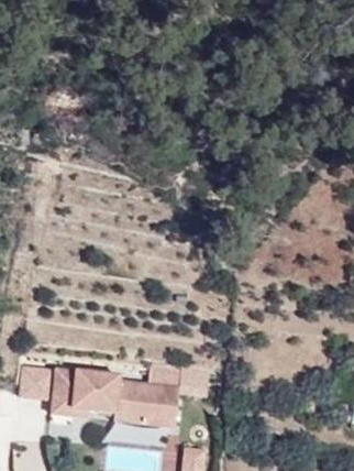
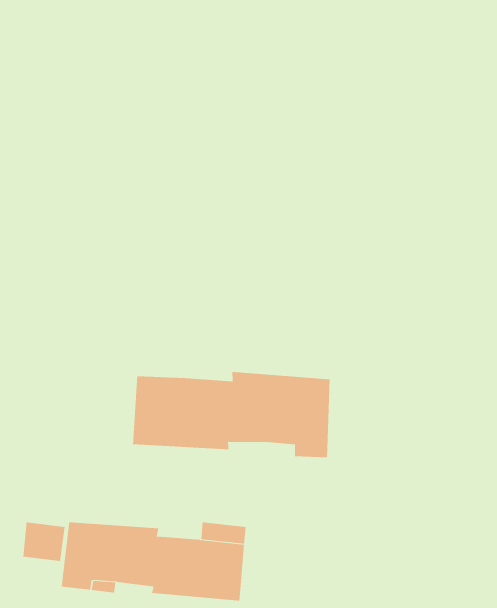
building: none -> [132,371,330,458]

